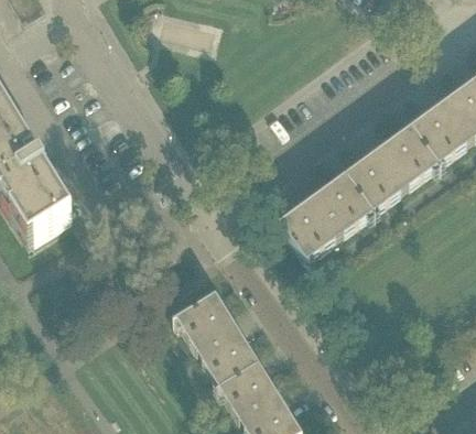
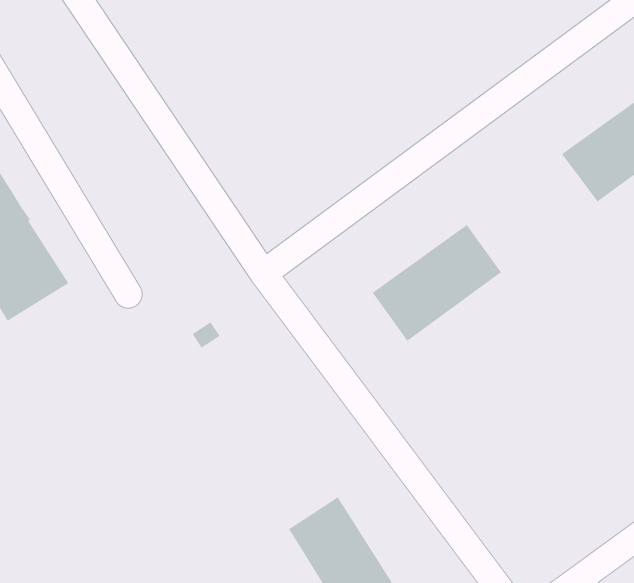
building: [346,126,441,214] -> none
building: [173,294,257,389] -> none

